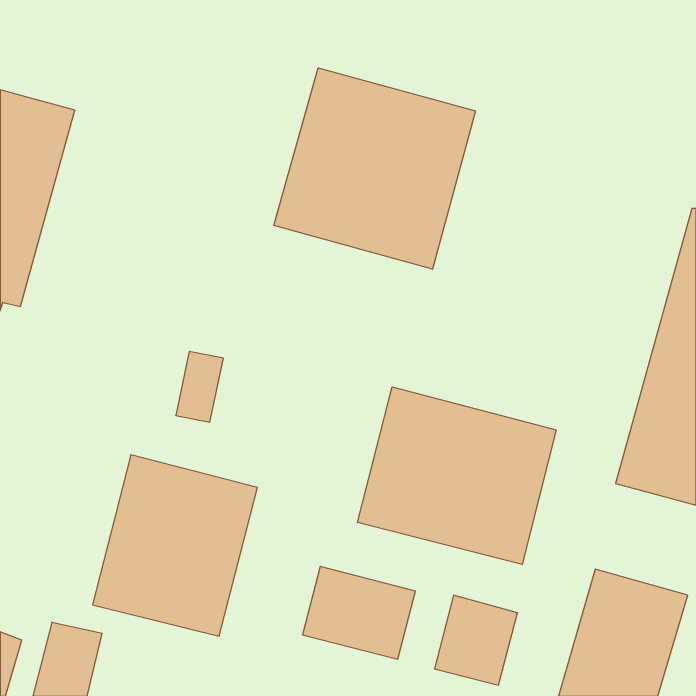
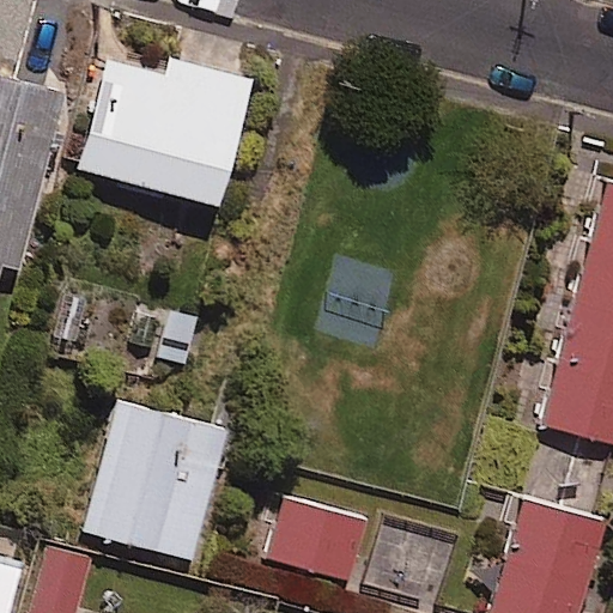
building: none -> [79,57,253,206]
building: [274,68,476,269] -> none
building: [357,387,556,565] -> none

